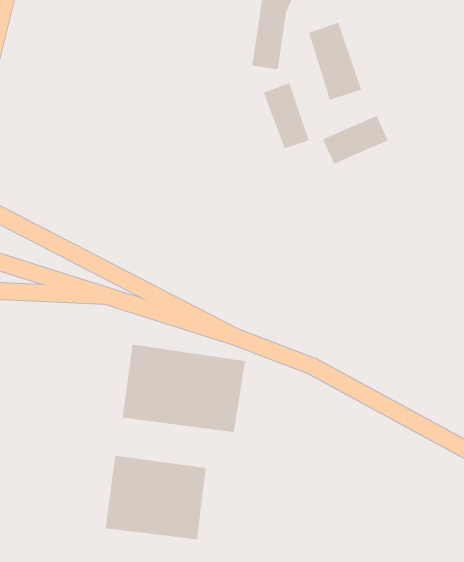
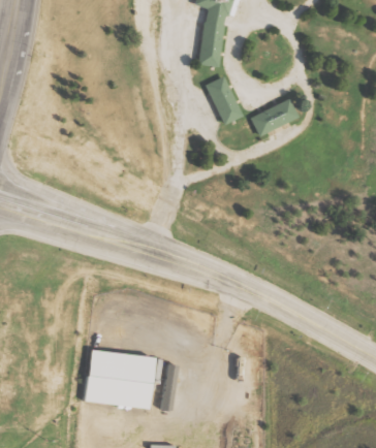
building: [309,22,362,100] -> none
building: [122,344,245,433] -> none

